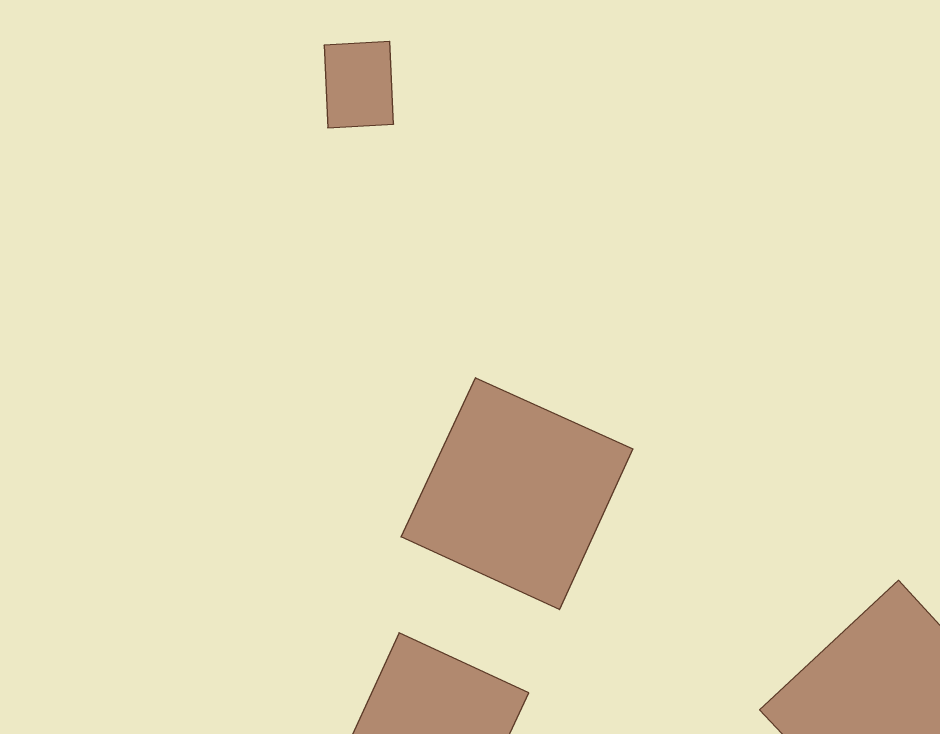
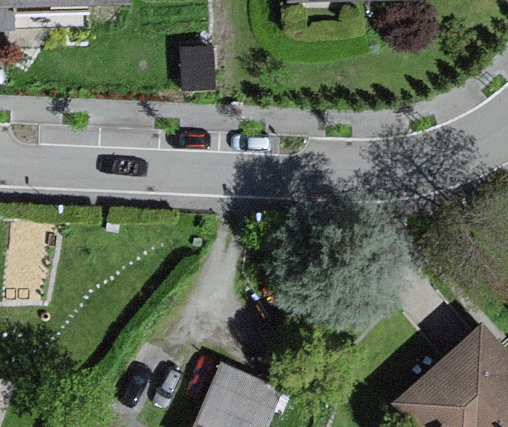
building: [401,378,633,610] -> none

